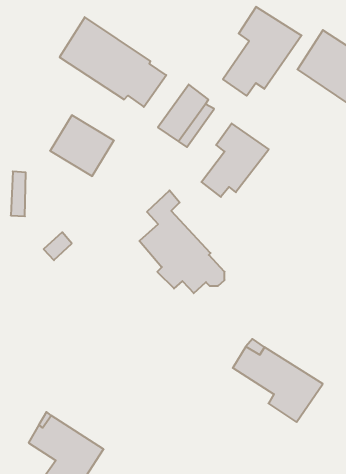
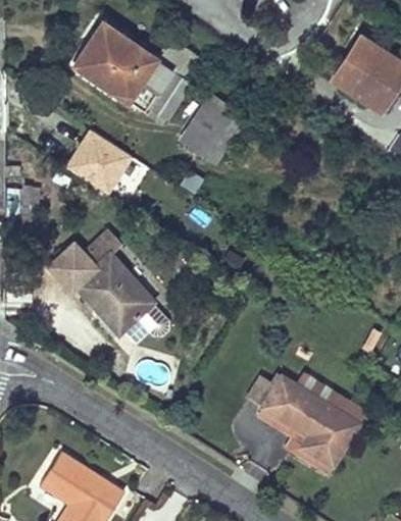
building: [223,7,302,96] -> none
building: [201,123,269,197] -> none
building: [139,190,225,293] -> [76,228,168,341]

